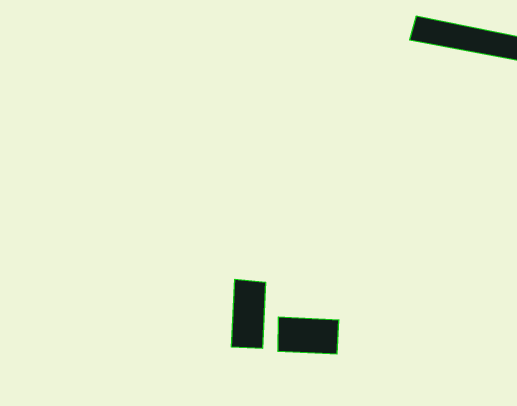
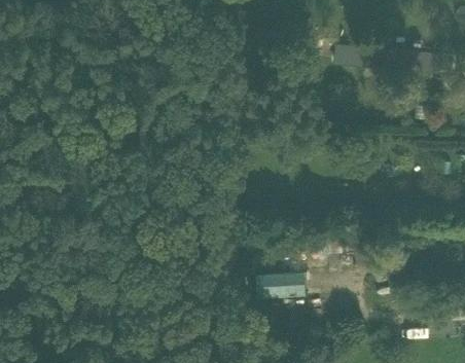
building: [232,279,266,348] -> none

